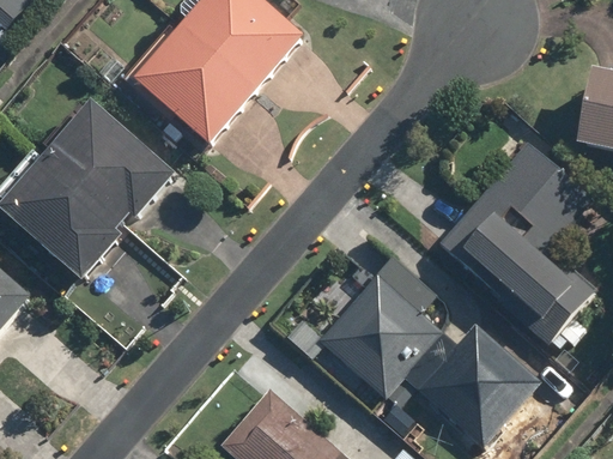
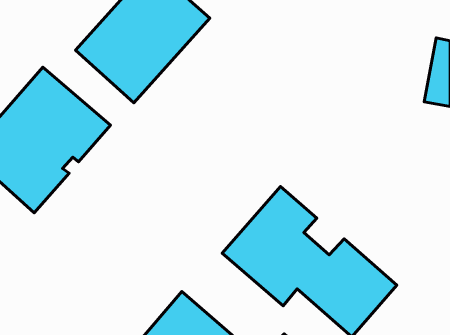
building: [437,141,597,342] -> none

